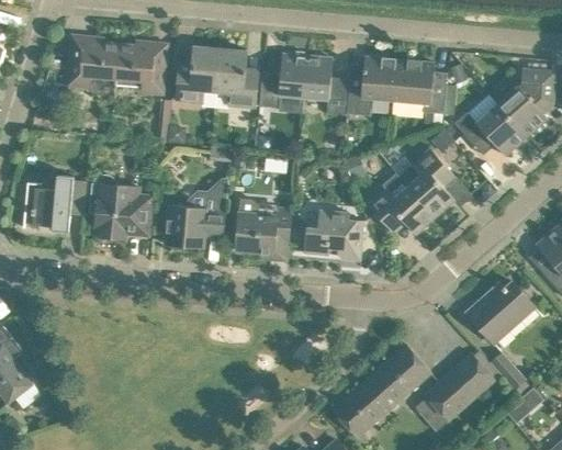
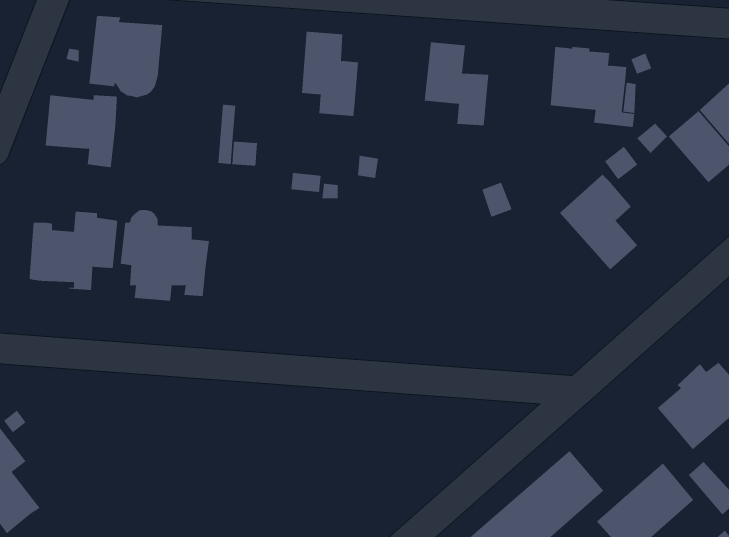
building: [116,44,168,95] -> [45,95,118,168]
building: [177,46,221,104] -> none
building: [260,54,308,109] -> none
building: [347,57,396,117] -> none
building: [368,173,436,235] -> none
building: [166,178,229,248] -> none
building: [236,198,292,254] -> none
building: [305,211,363,261] -> none

